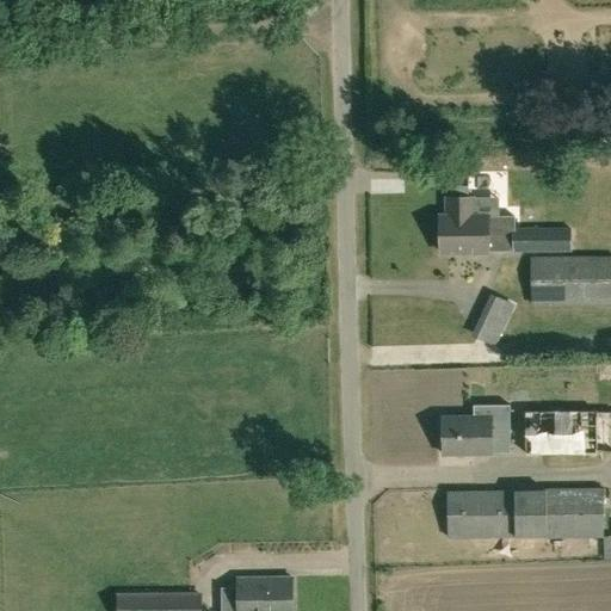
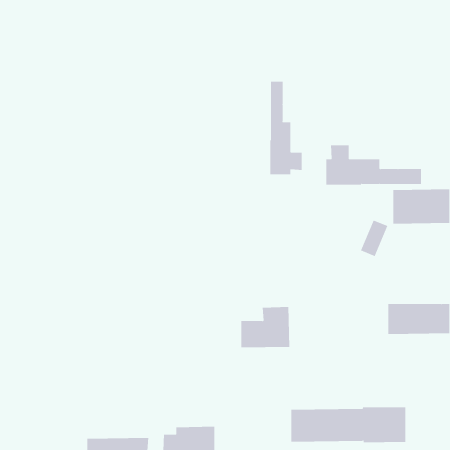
building: none -> [270,81,302,175]
building: [442,399,508,455] -> [241,306,290,348]
building: [446,489,603,538] -> [291,407,406,443]

